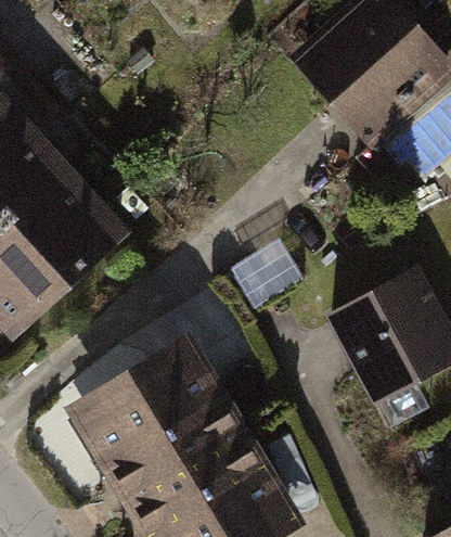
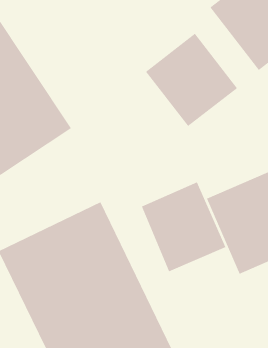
building: none -> [145,33,238,127]
building: none -> [141,181,226,272]

